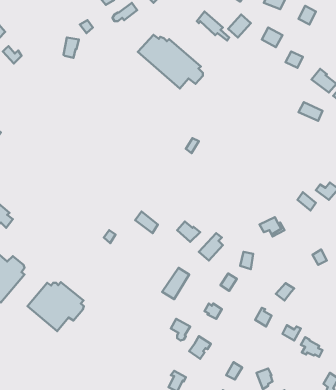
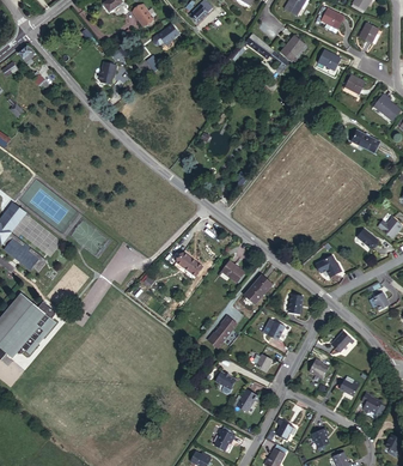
building: [138,35,203,89] -> none
building: [27,282,84,331] -> none

